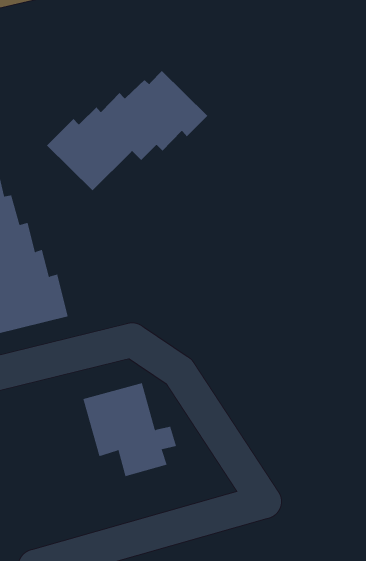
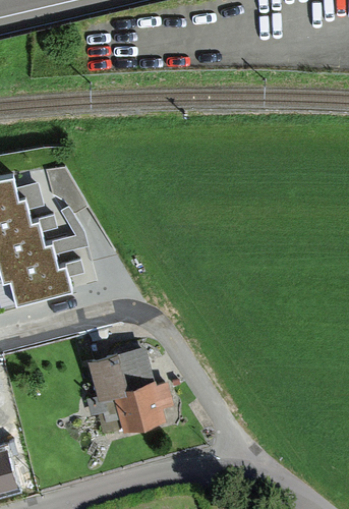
building: [46,70,208,191] -> none

